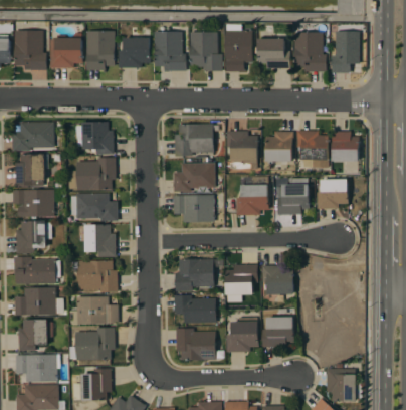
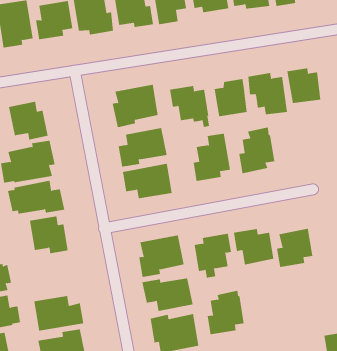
building: [317,180,348,209] -> none
building: [77,260,118,292] -> none
building: [262,317,293,347] -> [276,228,313,267]

